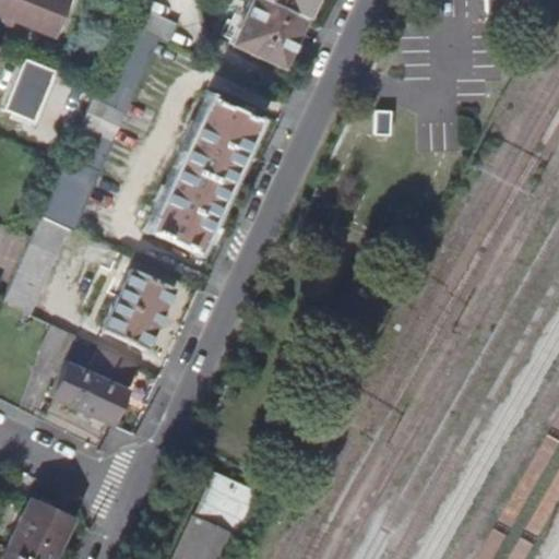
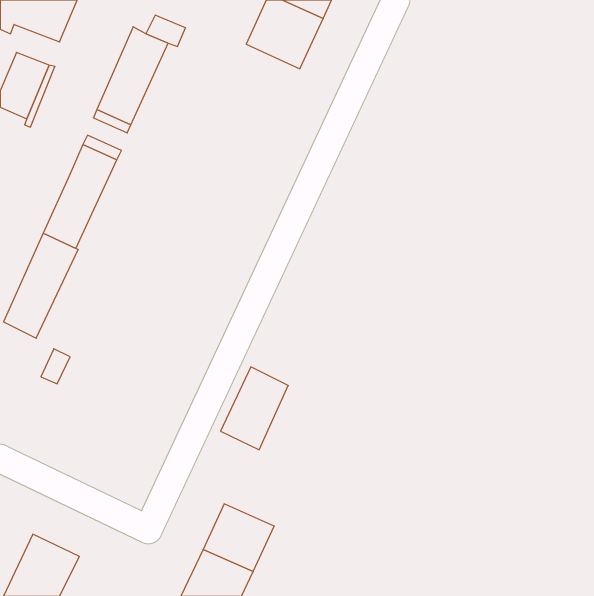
building: [151,99,255,253] -> none
building: [106,274,169,352] -> [221,367,288,450]
building: [51,348,138,426] -> none

